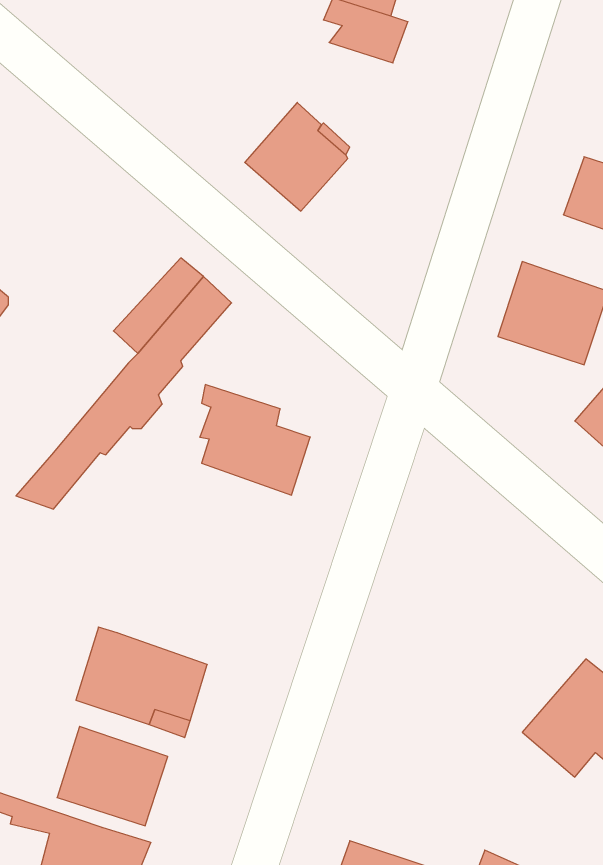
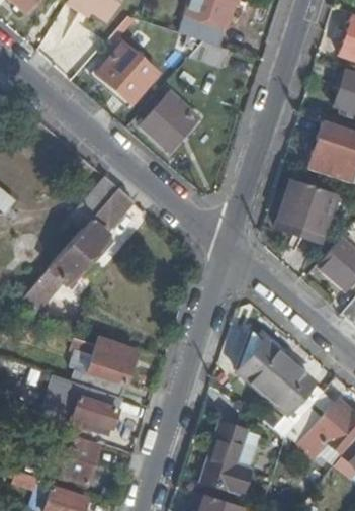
building: none -> [97,44,158,104]
building: [200,385,310,495] -> [71,337,130,397]
building: none -> [235,329,326,440]
building: none -> [202,423,263,495]

